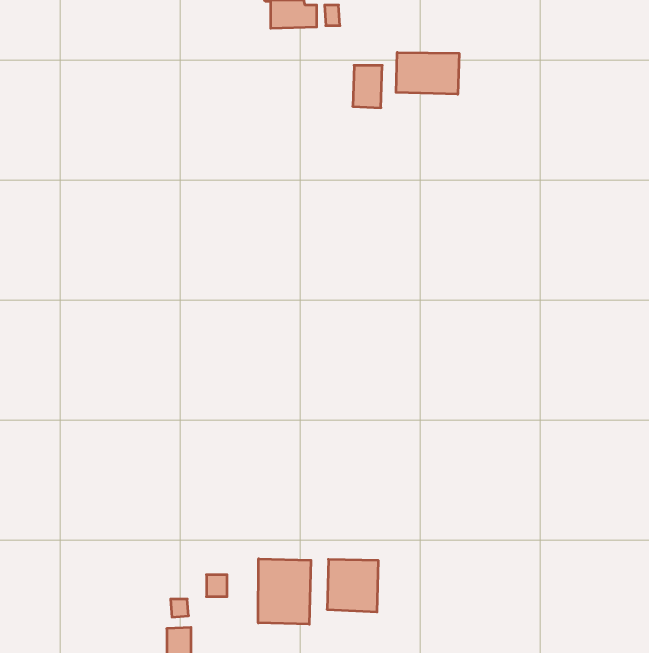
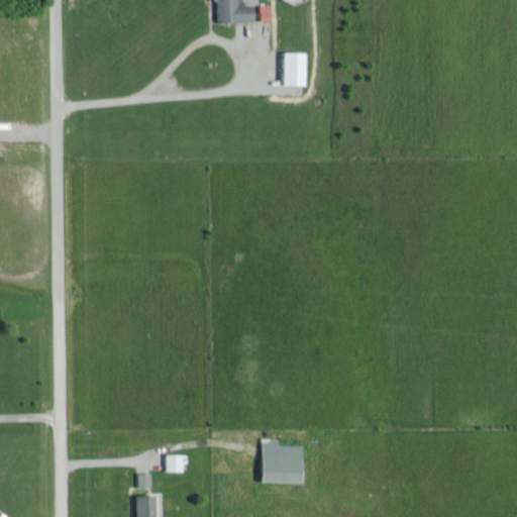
building: [396,52,459,94] -> none
building: [258,559,311,624] -> none

